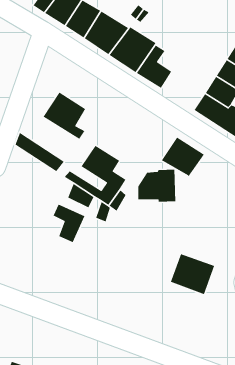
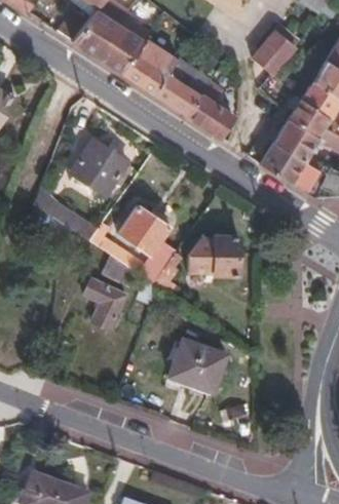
building: none -> [252,32,294,74]
building: [161,136,205,177] -> none
building: [170,253,215,295] -> [168,339,225,391]

